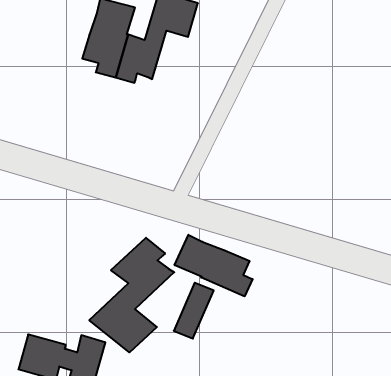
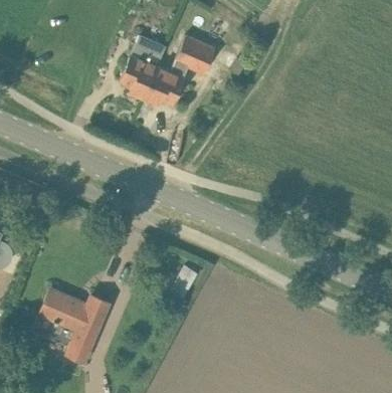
building: [175,235,253,296] -> none
building: [89,238,174,352] -> none

